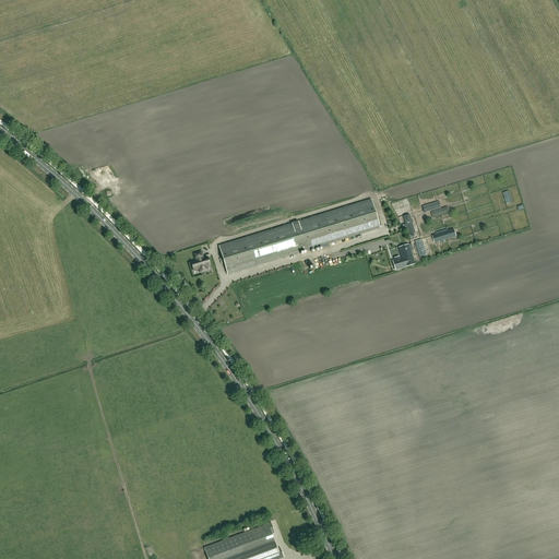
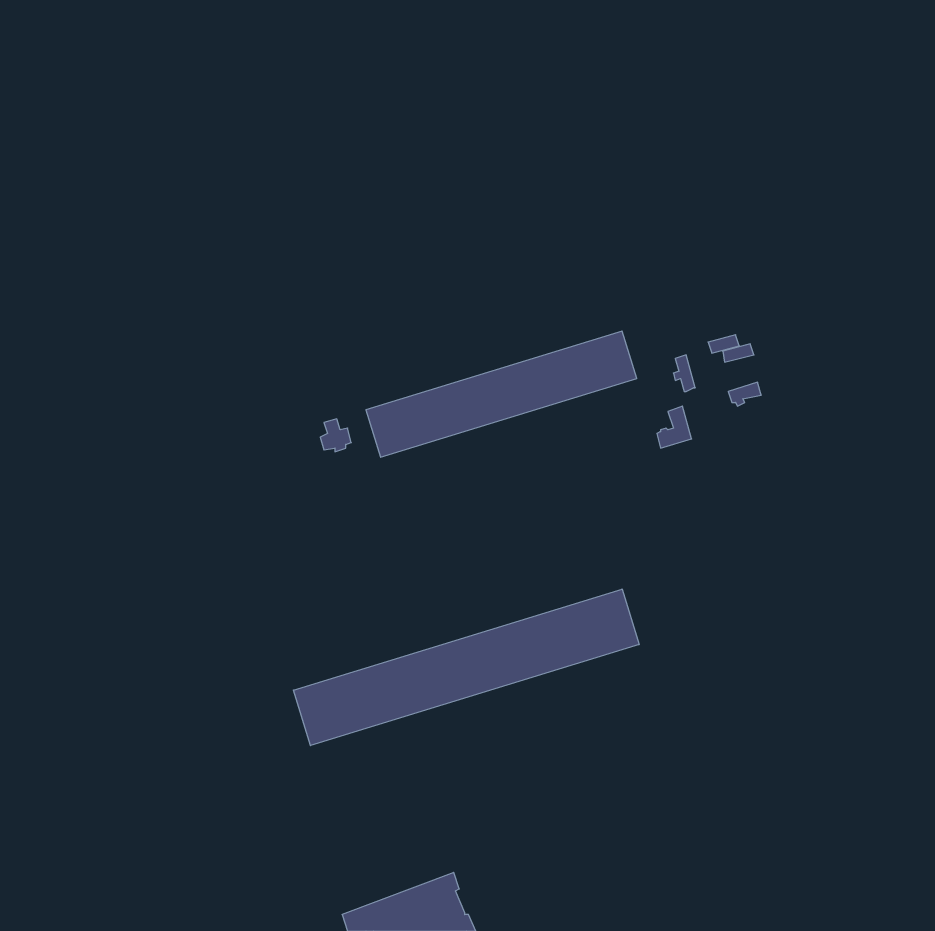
building: none -> [293,589,639,746]

